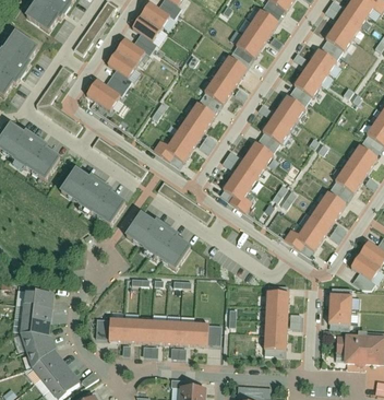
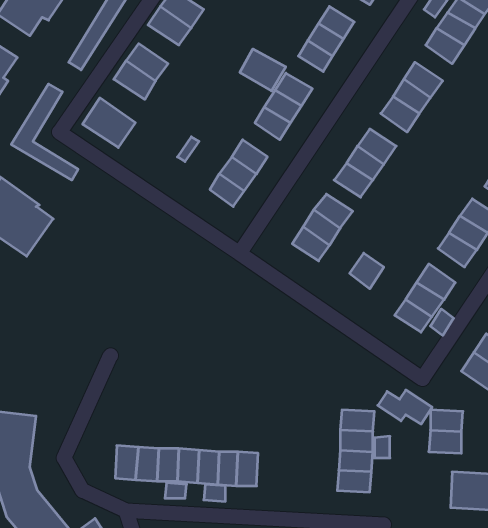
building: none -> [240,49,286,91]
building: [155,138,191,161] -> none
building: [60,170,127,228] -> none
building: [224,176,253,210] -> none
building: [125,212,192,270] -> none
building: [285,226,323,250] -> [378,390,432,424]

